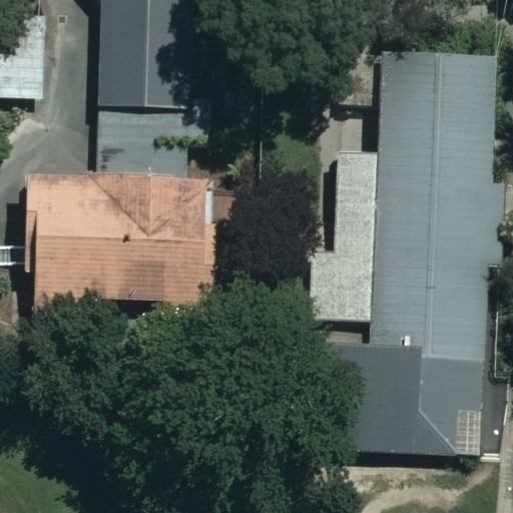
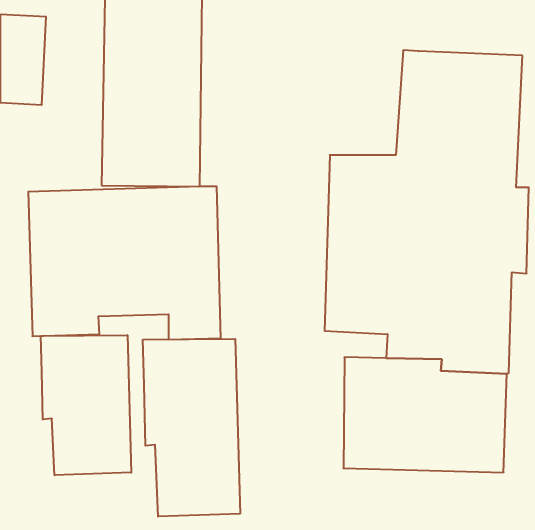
building: none -> [41,335,131,475]
building: none -> [143,339,240,517]

